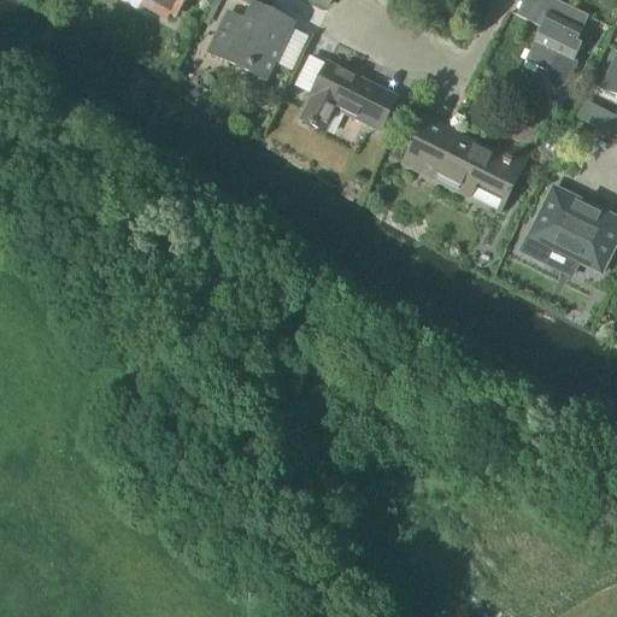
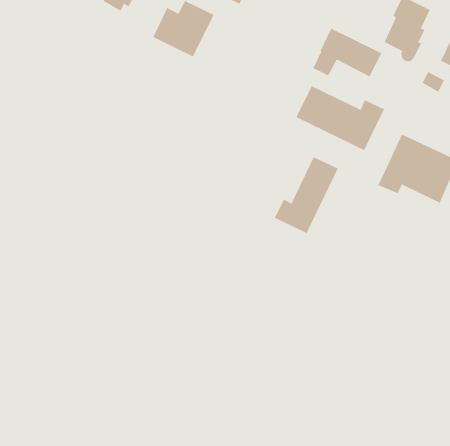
building: [301,60,396,128] -> [312,28,382,77]
building: none -> [274,156,339,234]

